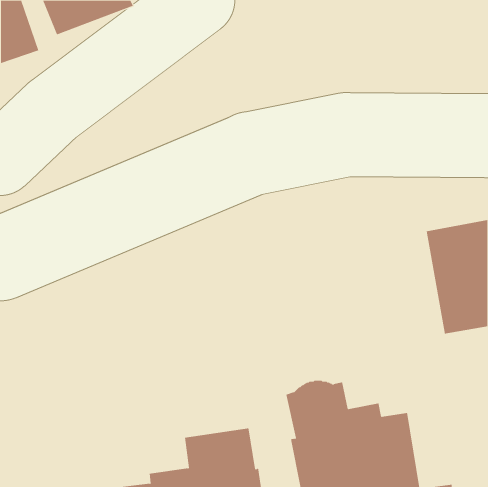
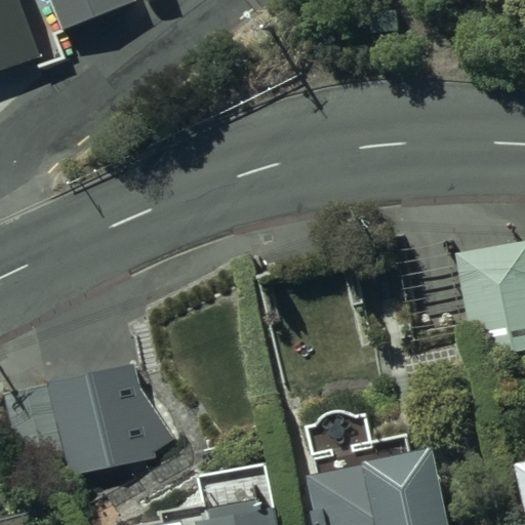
building: none -> [5,372,149,472]

